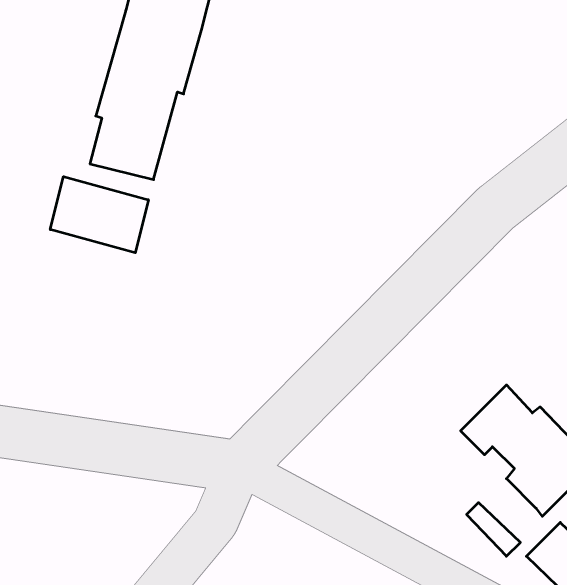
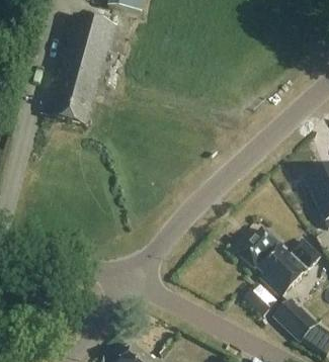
building: [50,177,148,253] -> none

